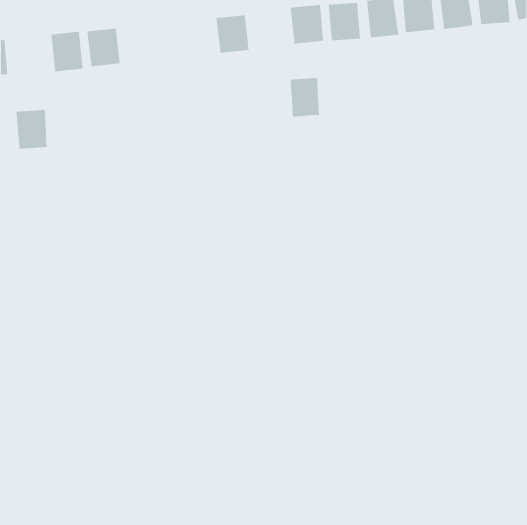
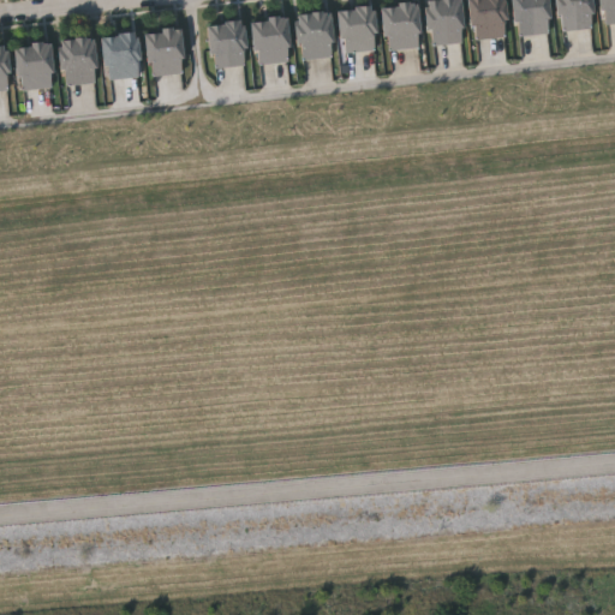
building: none -> [208,20,246,67]
building: none -> [145,28,184,74]
building: [290,77,320,117] -> [298,11,333,58]
building: [16,109,48,149] -> [16,42,53,89]

